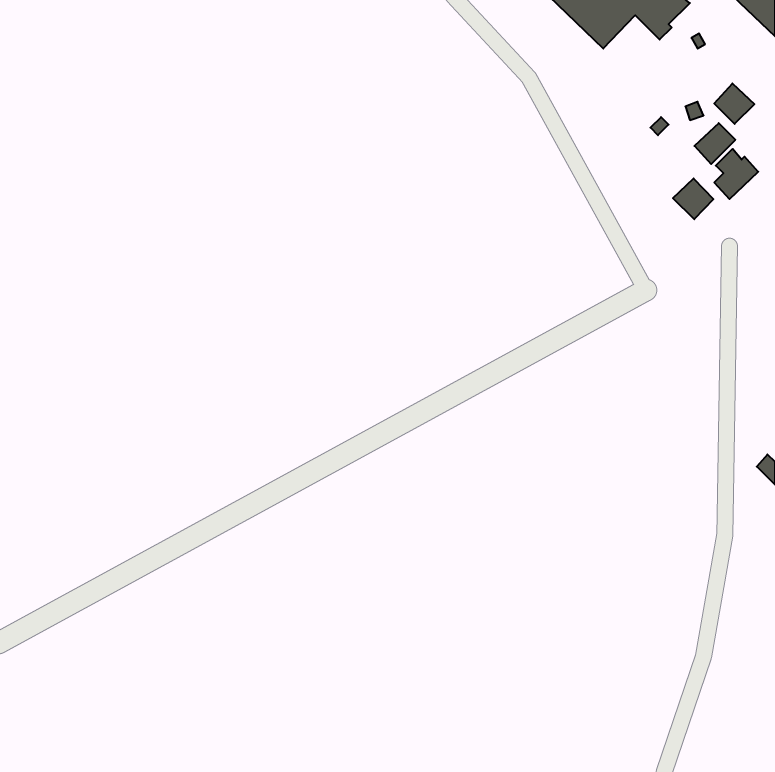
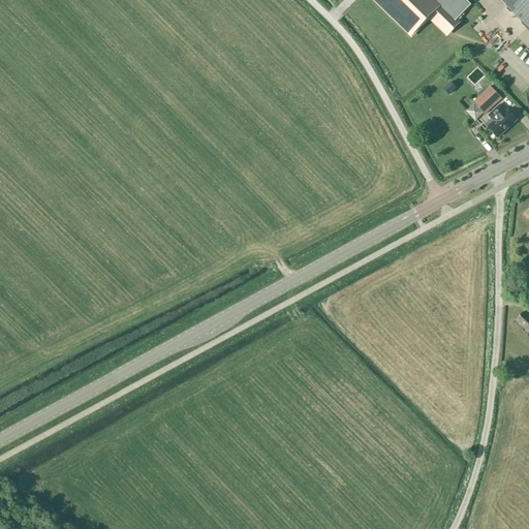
building: [714,83,754,124] -> none
building: [673,178,713,219] -> none

